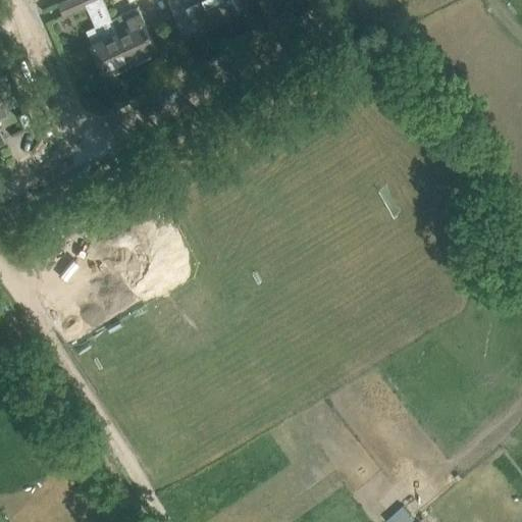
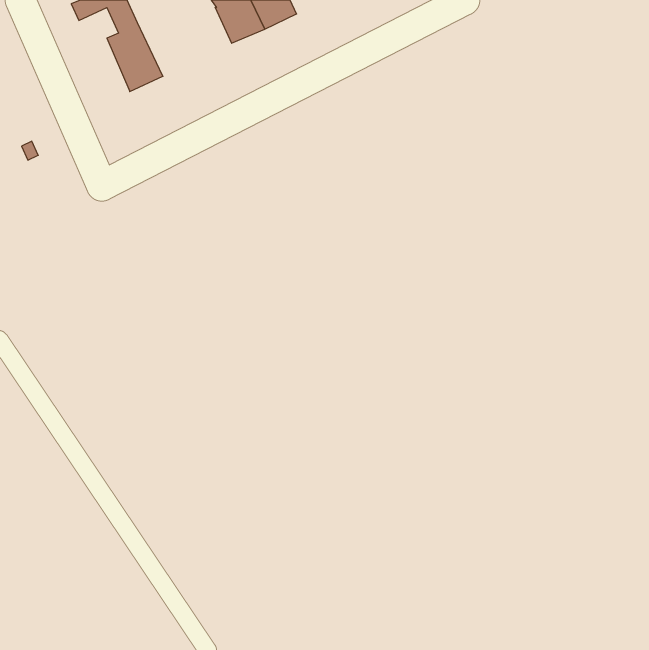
building: [110,7,156,61] -> none

